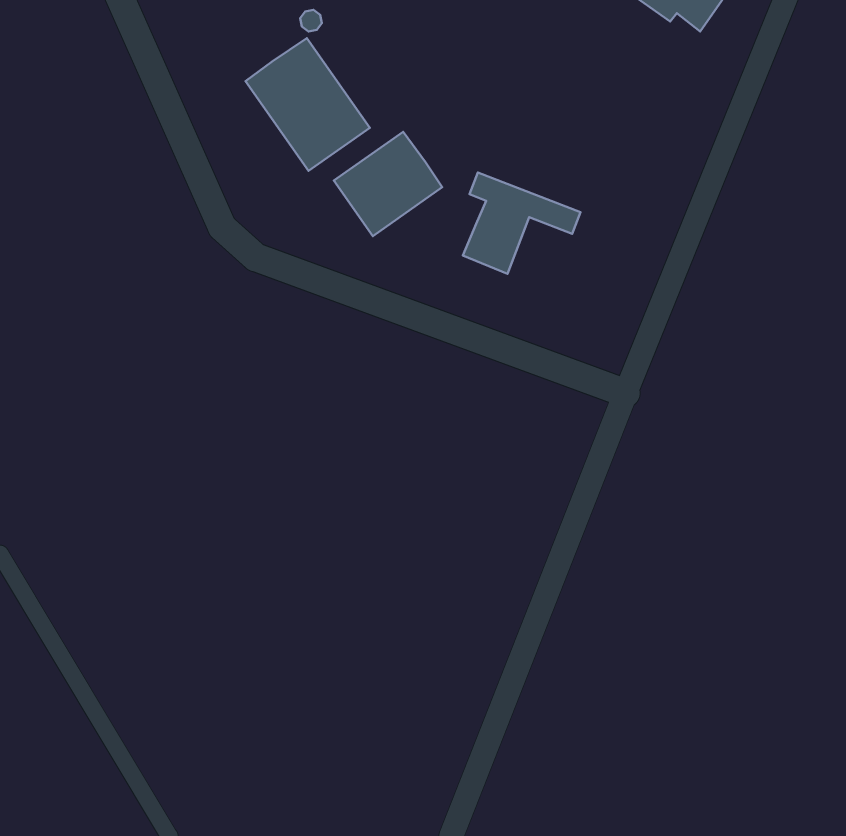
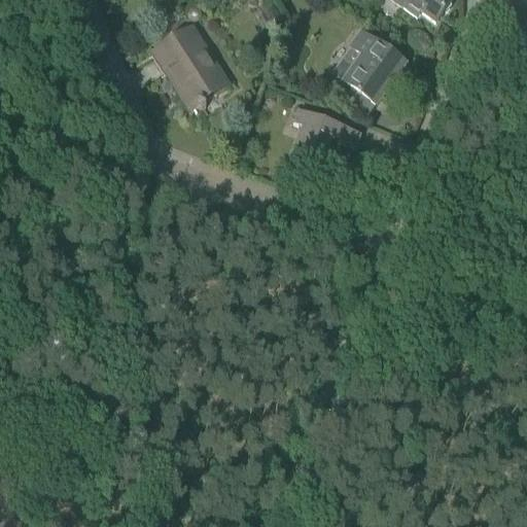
building: none -> [330,29,405,99]
building: [334,132,442,236] -> none

